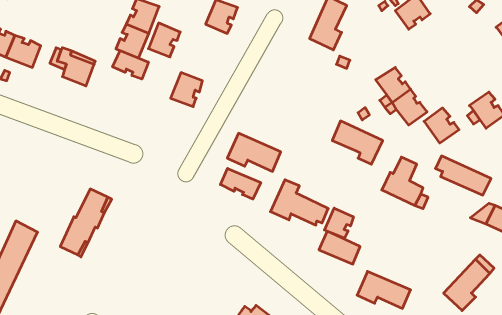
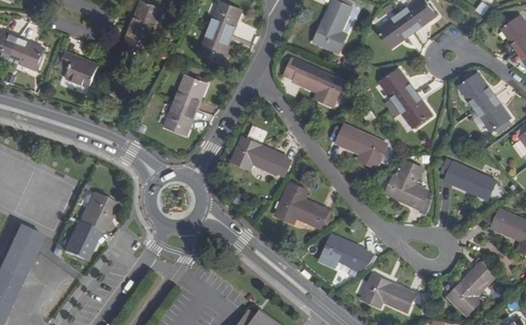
building: none -> [377,12,413,48]
building: [148,23,180,57] -> [199,26,231,60]
building: [113,51,148,79] -> none
building: none -> [284,57,344,106]
building: none -> [164,100,197,135]
building: [424,108,459,143] -> [459,72,494,108]
building: [220,168,261,199] -> none
building: [324,208,353,238] -> none

